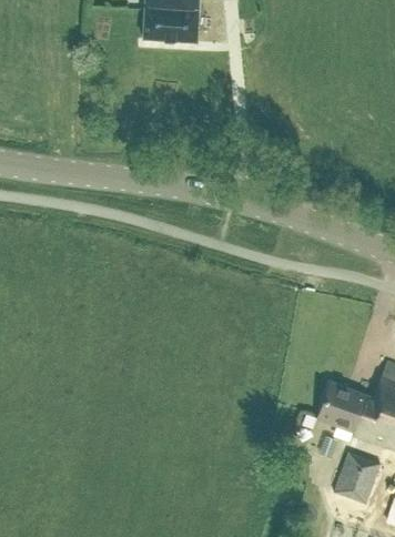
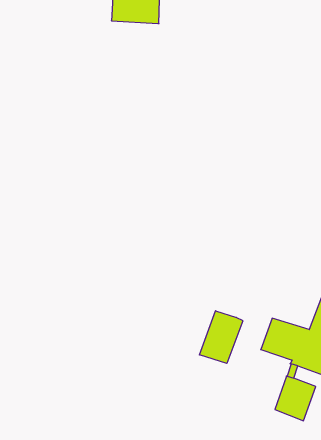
building: none -> [199,311,243,363]

